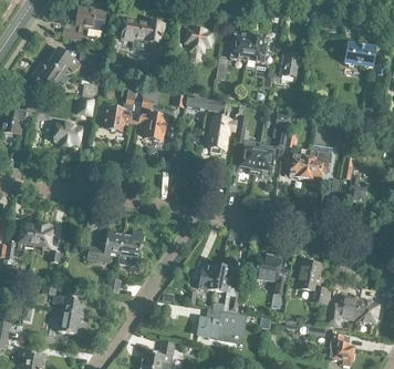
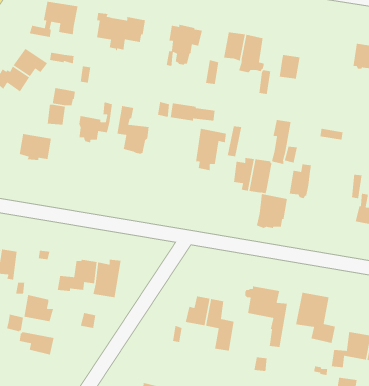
building: [304,148,332,180] -> [256,193,288,229]
building: [197,307,236,337] -> none
building: [59,310,85,335] -> [24,294,54,322]

